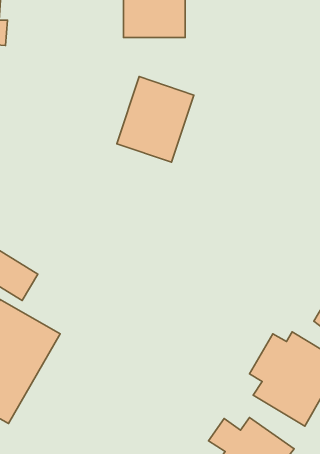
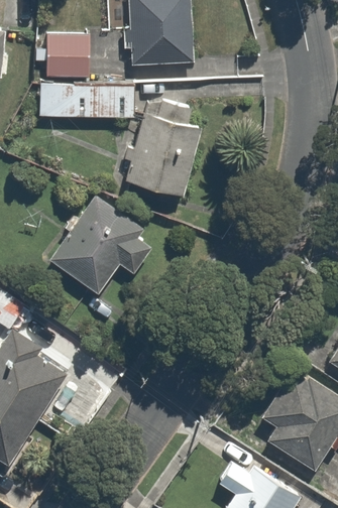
building: none -> [46,36,90,79]
building: none -> [39,84,135,121]
building: none -> [45,194,151,299]

